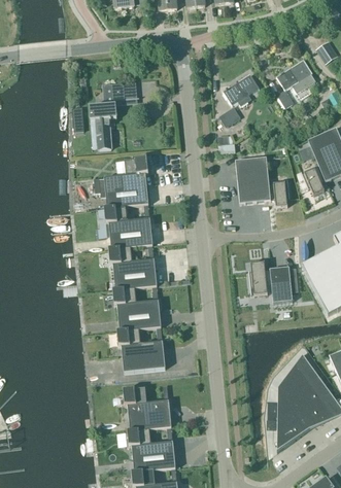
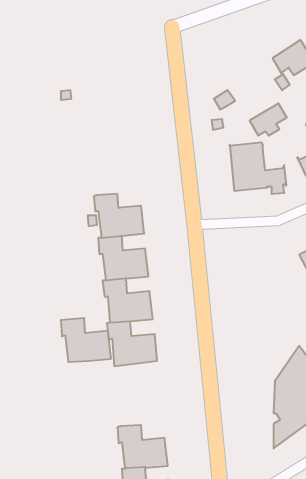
building: [223,73,259,104] -> [250,103,287,136]
building: [89,81,137,148] -> none
building: [94,158,148,207] -> none
building: [248,260,298,302] -> none
building: [123,387,171,429] -> [61,318,111,362]

